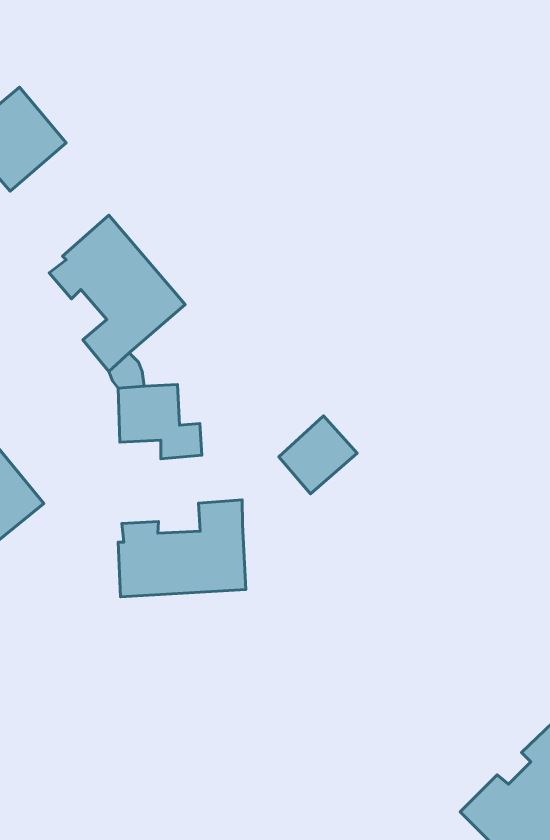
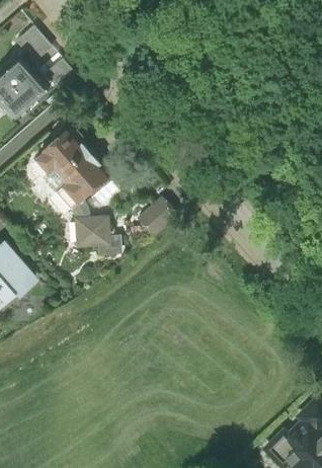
building: none -> [17,26,53,62]
building: [279,416,357,494] -> [139,197,181,239]
building: [118,500,246,597] -> none

